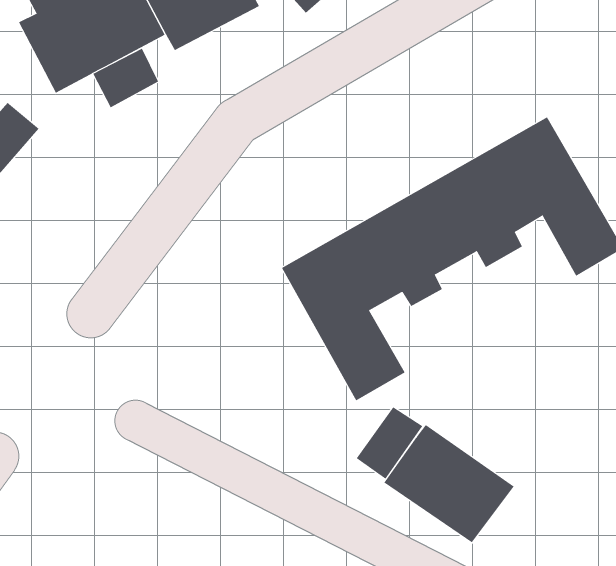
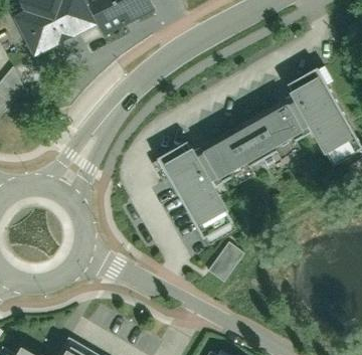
building: [92,48,159,108] -> none
building: [383,424,514,543] -> none

